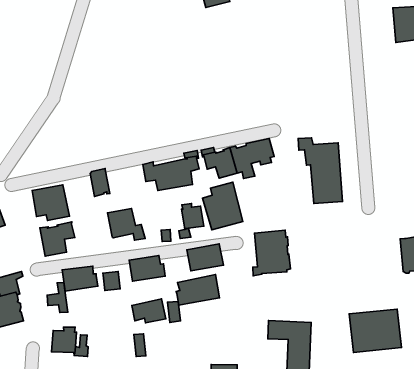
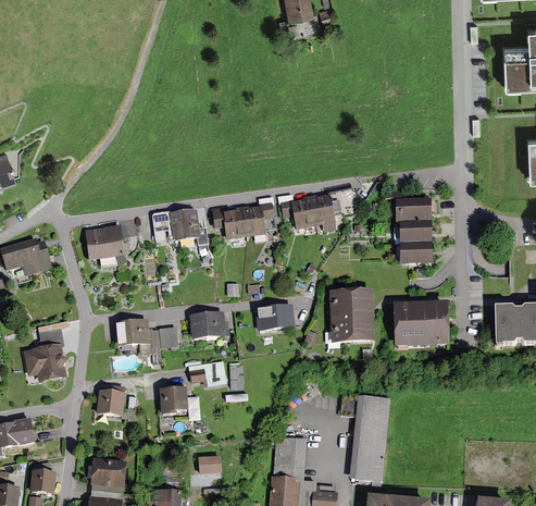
building: [203,182,243,230] -> none
building: [181,204,204,229] -> none
building: [108,208,145,240] -> [169,208,209,244]
building: [40,222,75,256] -> none
building: [176,275,220,305] -> none
building: [47,282,68,313] -> [139,330,161,363]
building: [349,309,402,352] -> [392,299,449,345]
building: none -> [160,390,187,415]

